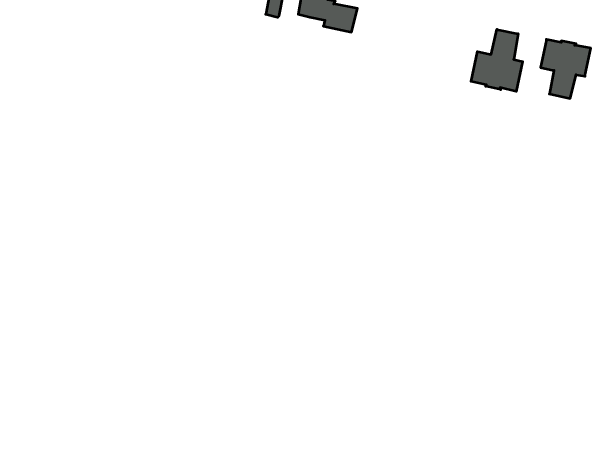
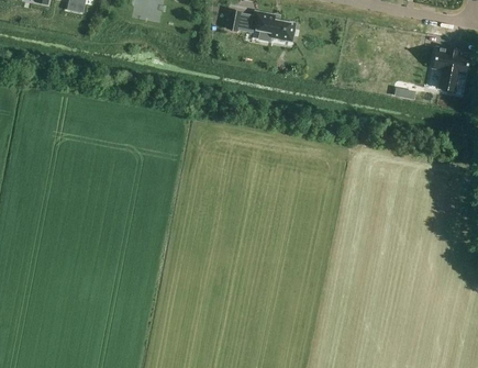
building: [471,29,523,91] -> none

